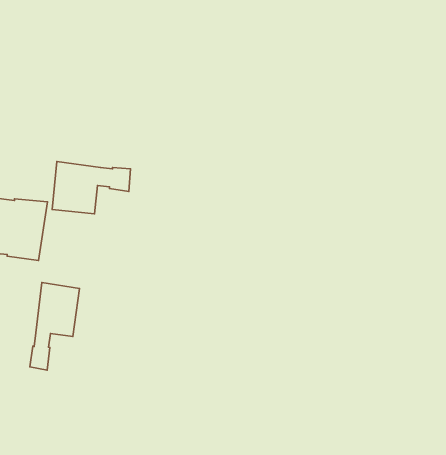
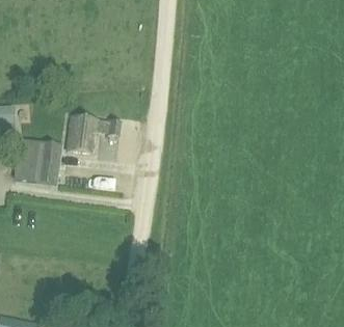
building: [30,282,80,370] -> none

